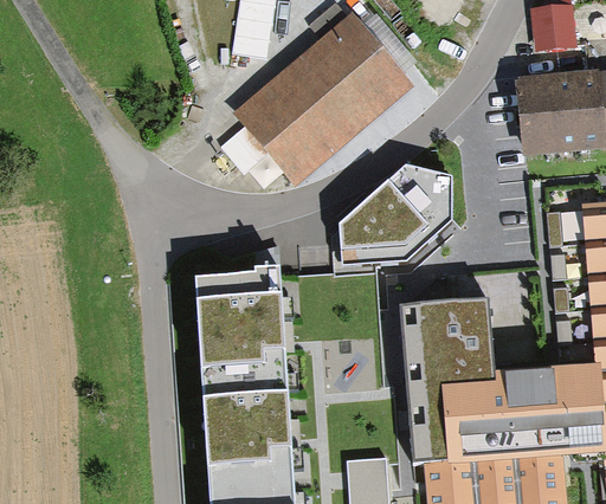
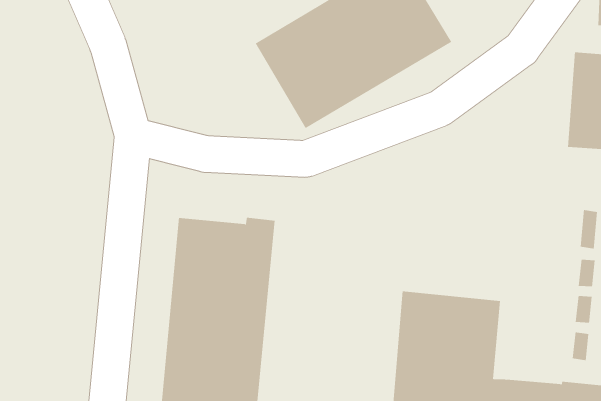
building: [341,163,453,264] -> none

